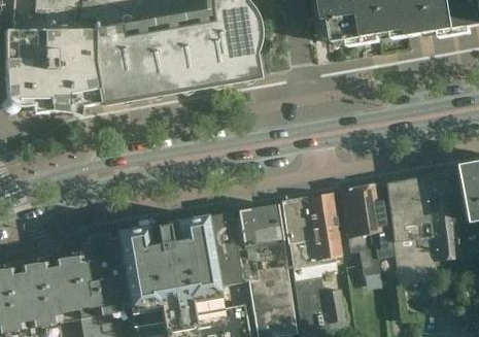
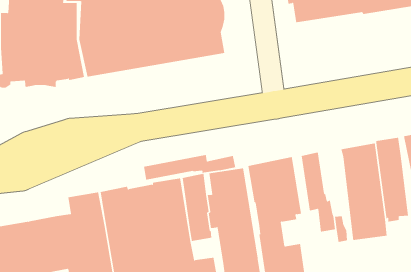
building: [361,183,388,256] -> none
building: none -> [144,154,236,180]

